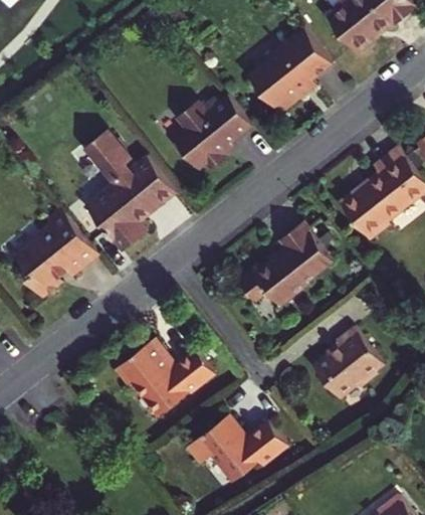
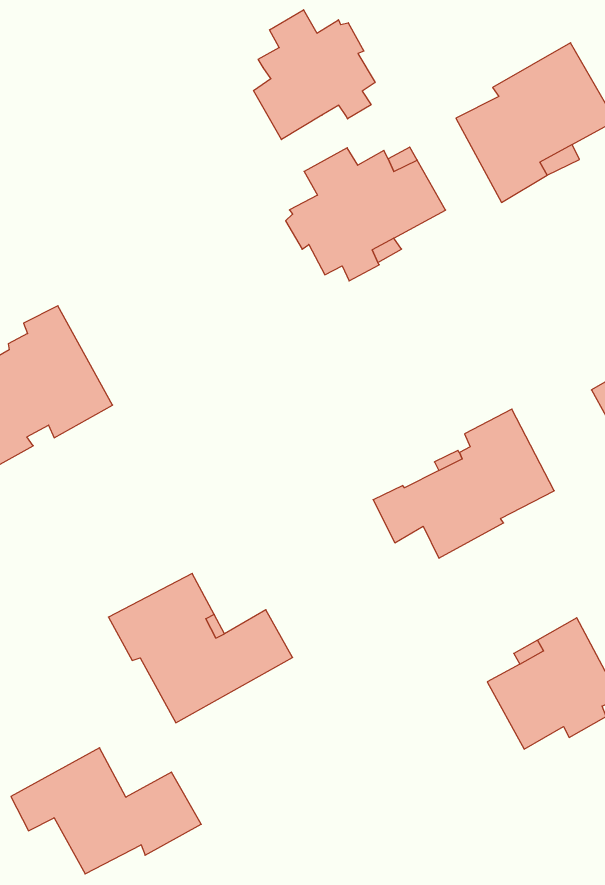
building: none -> [254,10,375,140]
building: [80,129,174,250] -> none
building: [188,413,288,480] -> [11,748,201,874]

